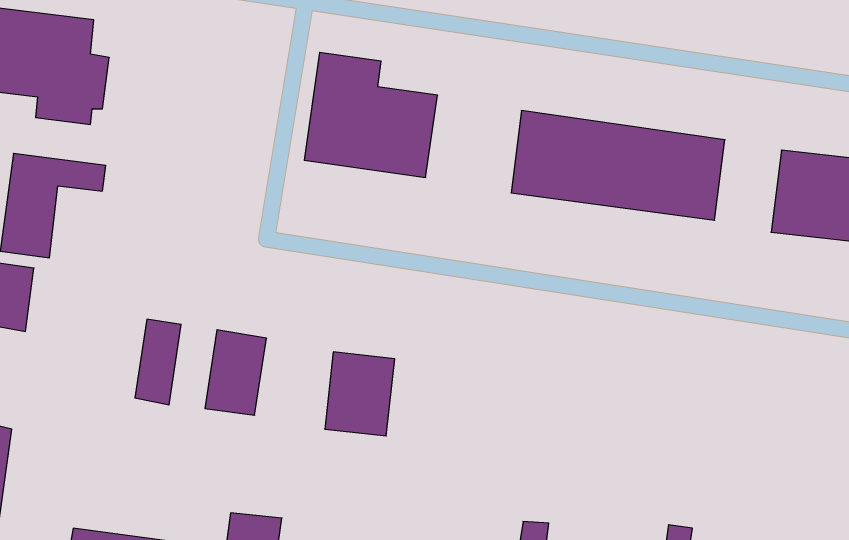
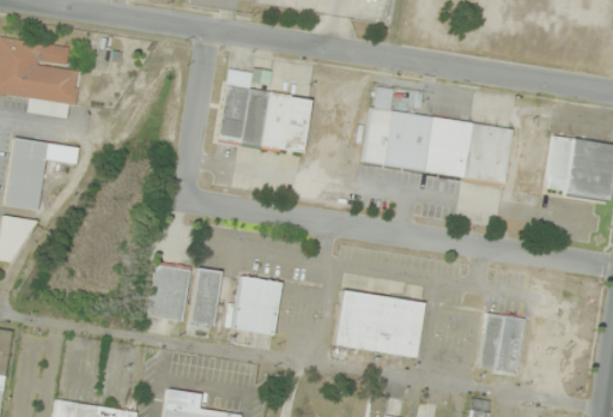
building: [135,319,181,405] -> [189,267,221,327]
building: none -> [334,290,424,357]
building: none -> [478,313,524,375]

